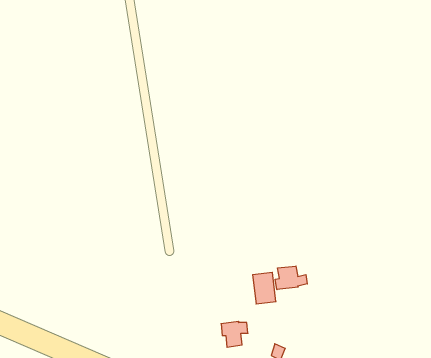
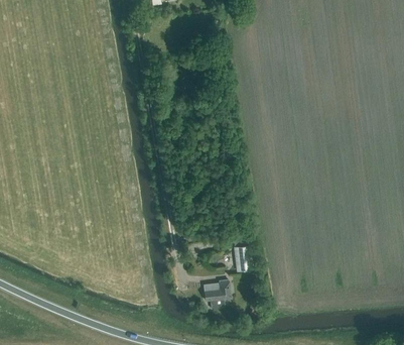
building: [275,266,307,290] -> none

